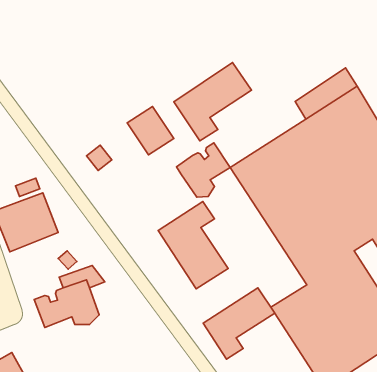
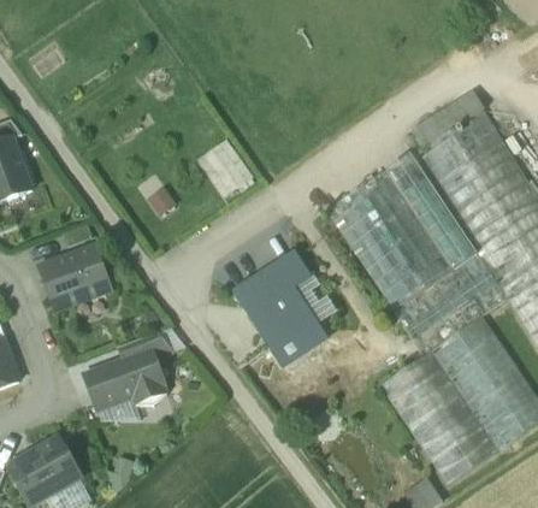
building: [174,63,251,141] -> none
building: [177,143,230,197] -> none
building: [203,288,275,359] -> none

